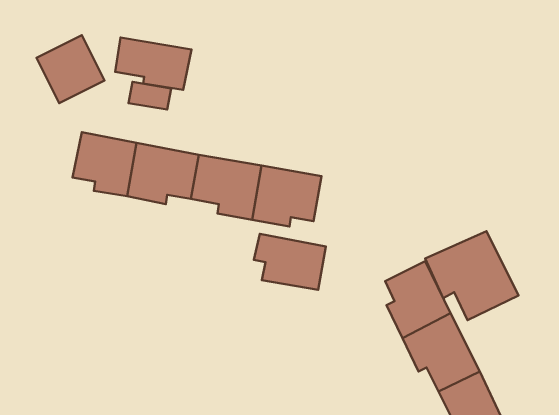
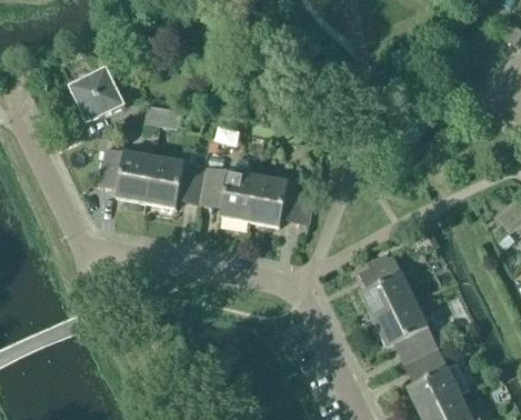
building: [115,37,191,90] -> none
building: [425,231,518,320] -> none
building: [254,234,326,290] -> none

